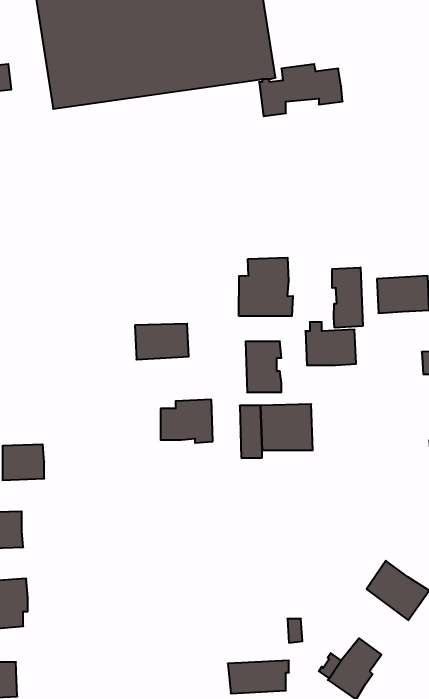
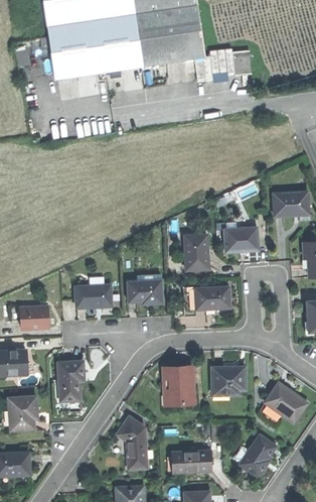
building: [239,258,293,316] -> none
building: [332,267,363,328] -> none
building: [135,324,189,360] -> [75,283,112,307]
building: none -> [58,361,85,401]
building: none -> [163,366,194,405]
building: none -> [212,367,246,395]
building: none -> [117,416,147,469]

